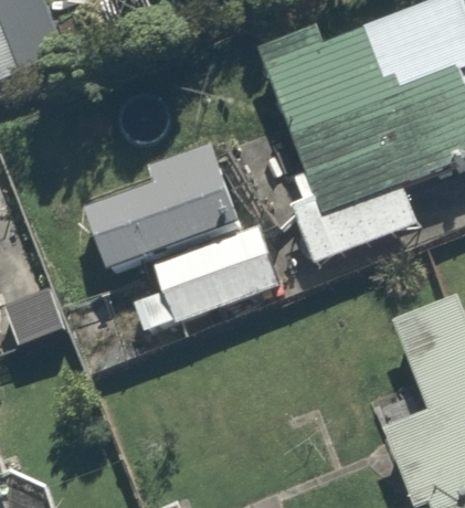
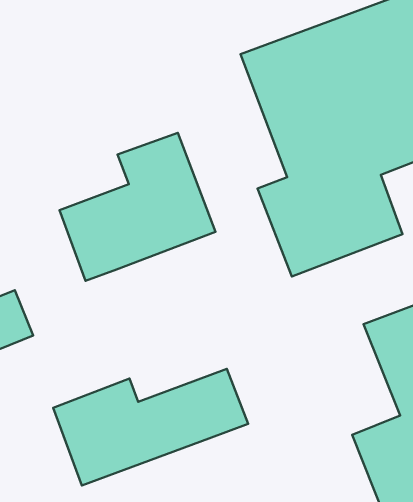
building: [130,225,288,346] -> none
building: none -> [53,369,248,486]

